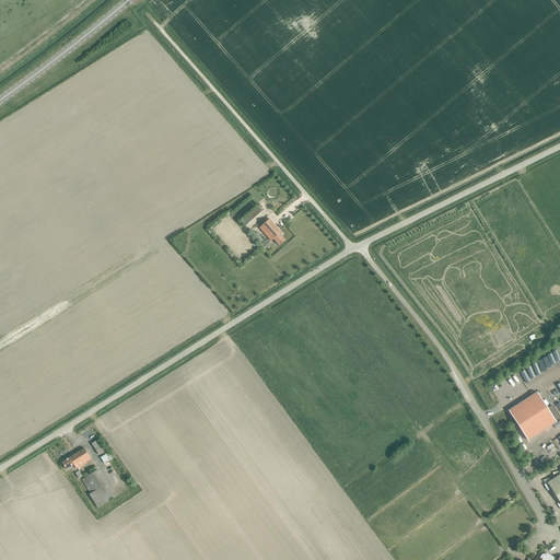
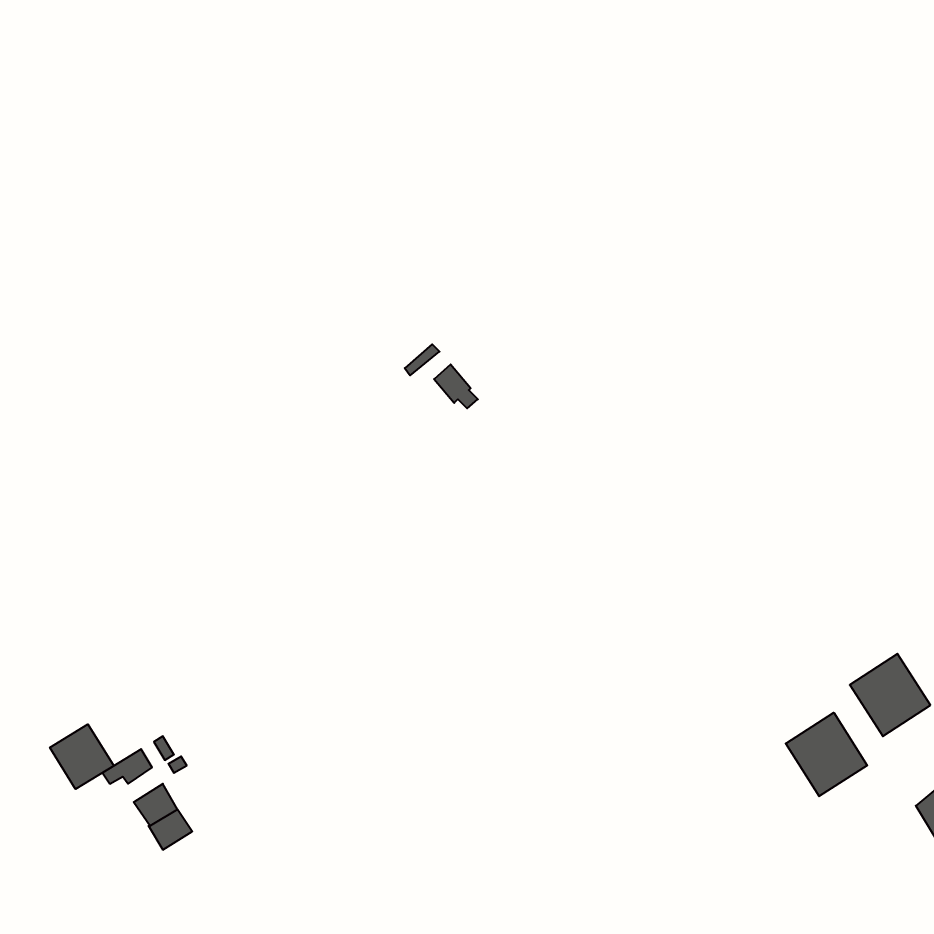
building: none -> [786,713,867,796]
building: none -> [50,724,114,789]

